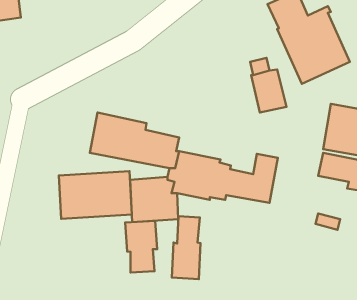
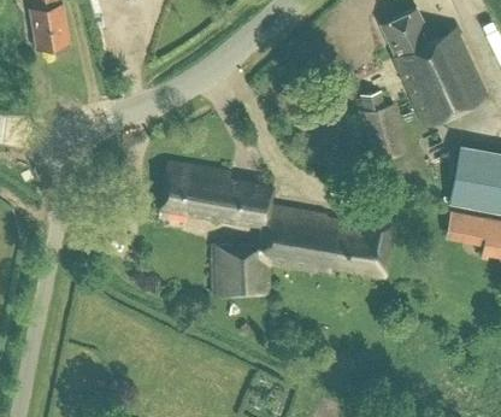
building: [59,171,132,219] -> none
building: [172,216,200,279] -> none
building: [125,221,157,273] -> none

